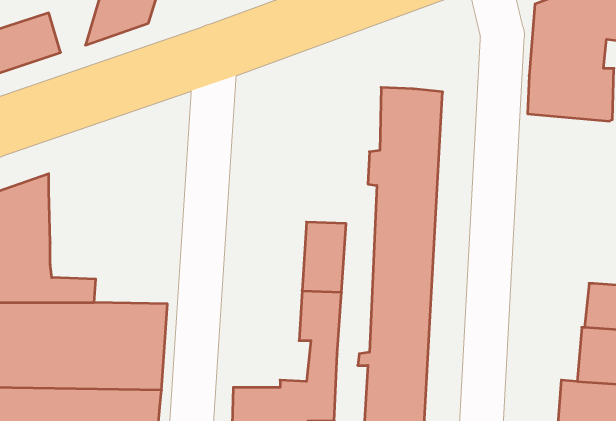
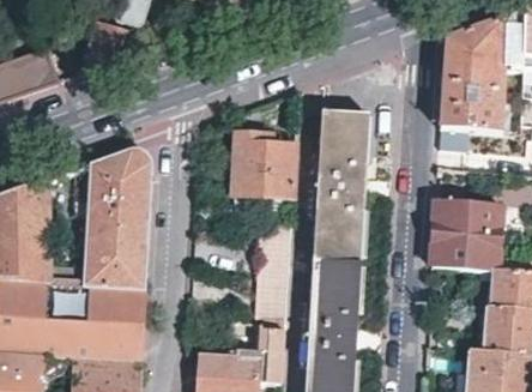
building: none -> [232,132,295,197]
building: none -> [85,147,152,287]
building: none -> [430,198,500,270]

